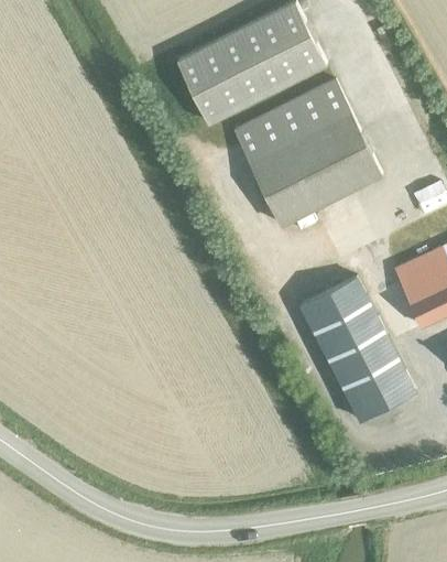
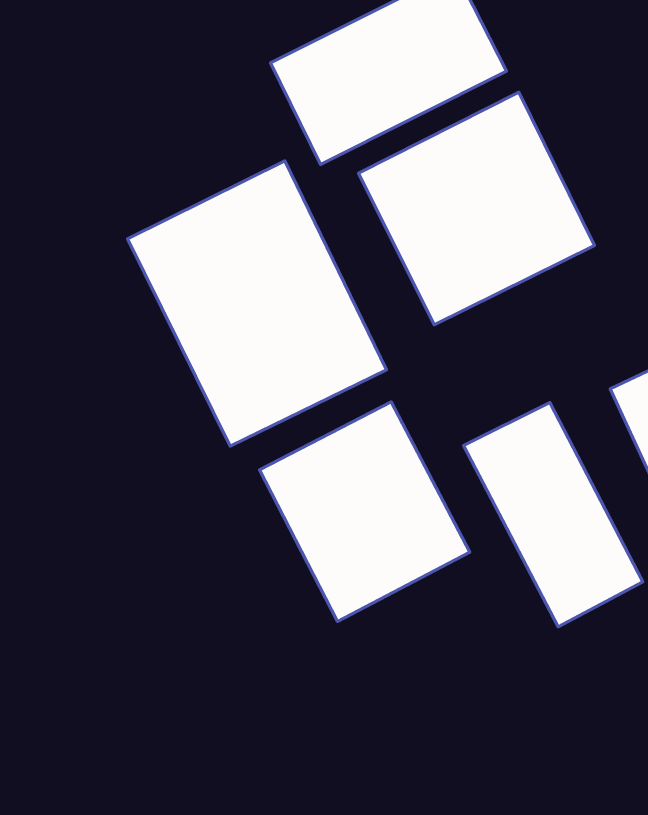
building: none -> [128,161,386,446]
building: none -> [260,402,470,622]

